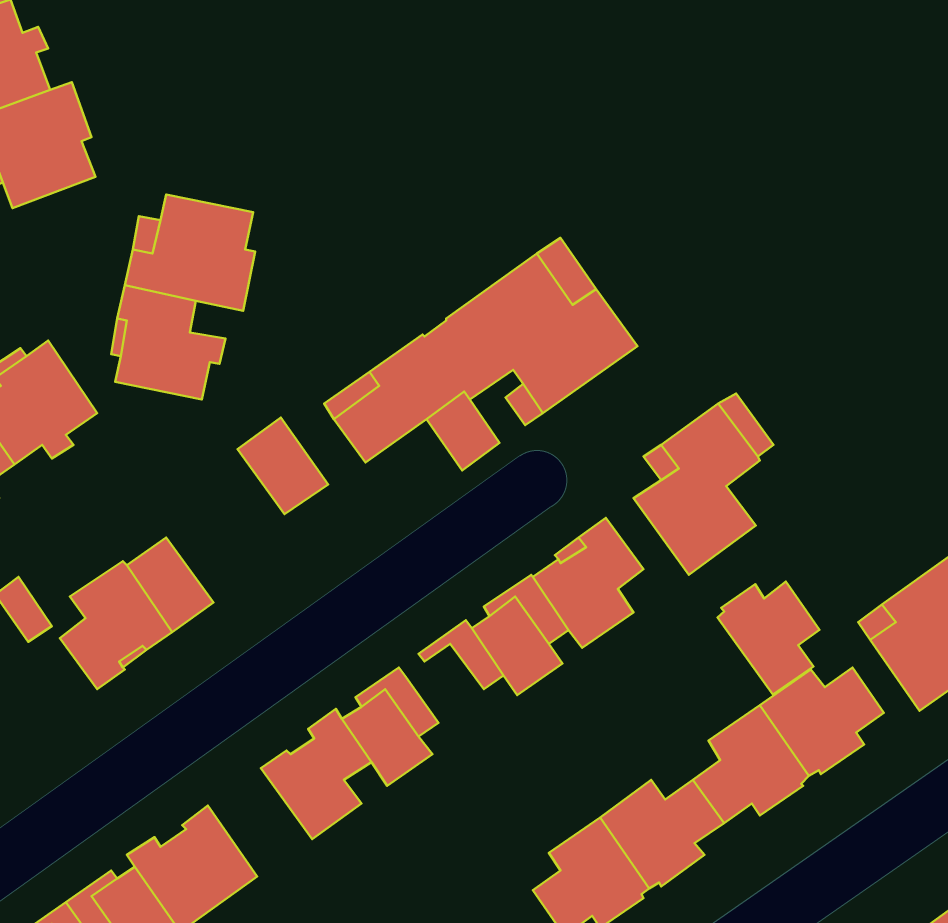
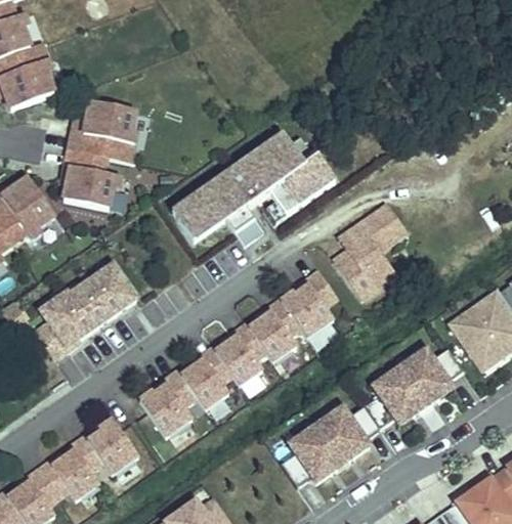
building: [237,418,328,514] -> [90,263,137,313]
building: [718,582,820,695] -> none
building: none -> [214,335,262,385]

